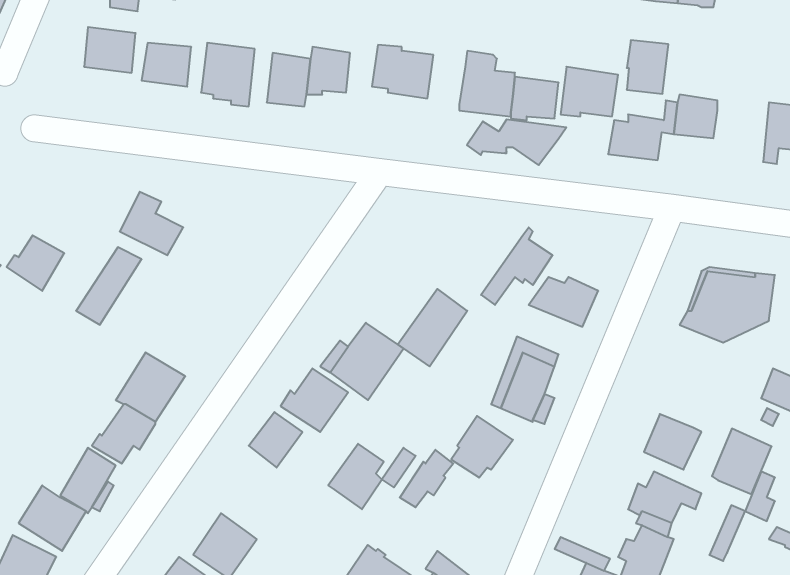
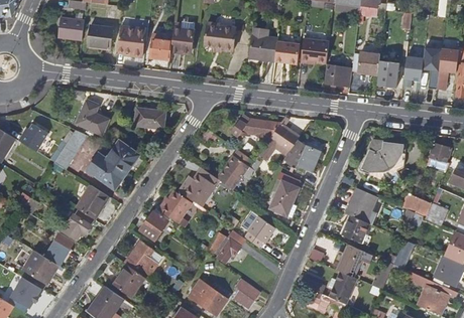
building: [627,40,668,94] -> [377,59,398,87]
building: [467,119,566,165] -> [230,118,280,141]
building: none -> [136,105,163,127]
building: none -> [88,137,140,184]
building: [712,429,772,494] -> [347,187,377,220]
building: [328,444,384,509] -> [124,241,152,274]

